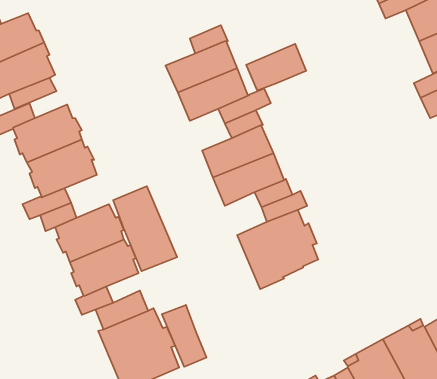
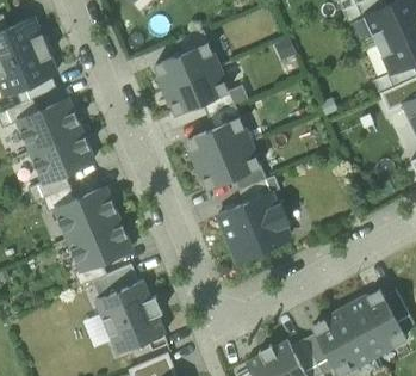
building: [246,44,306,91] -> none
building: [113,186,177,271] -> none
building: [162,305,206,367] -> none

